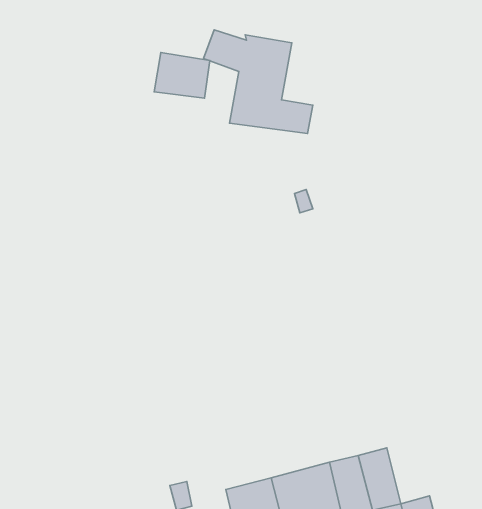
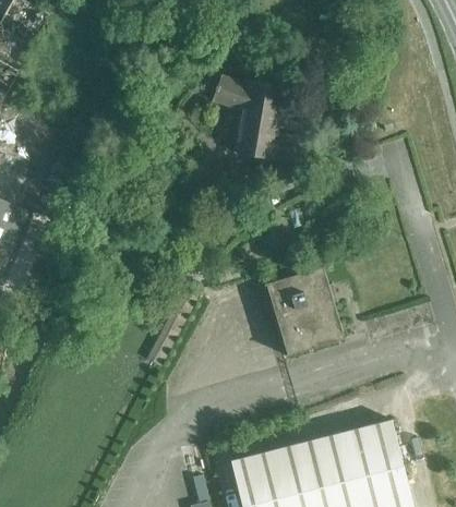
building: [154,52,210,98] -> none
building: none -> [265,267,344,355]
building: none -> [365,420,401,473]

